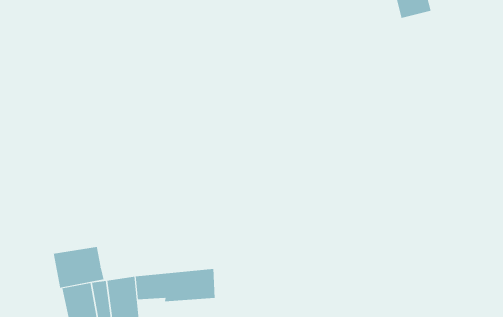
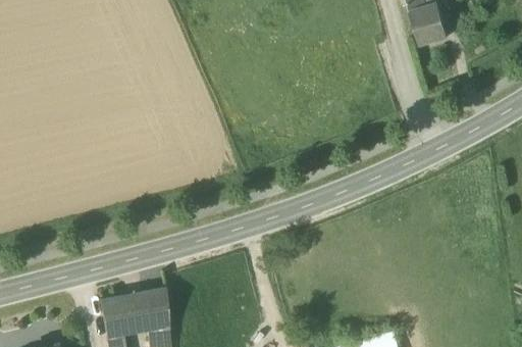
building: [53,246,104,288] -> none
building: [135,268,215,302] -> none

